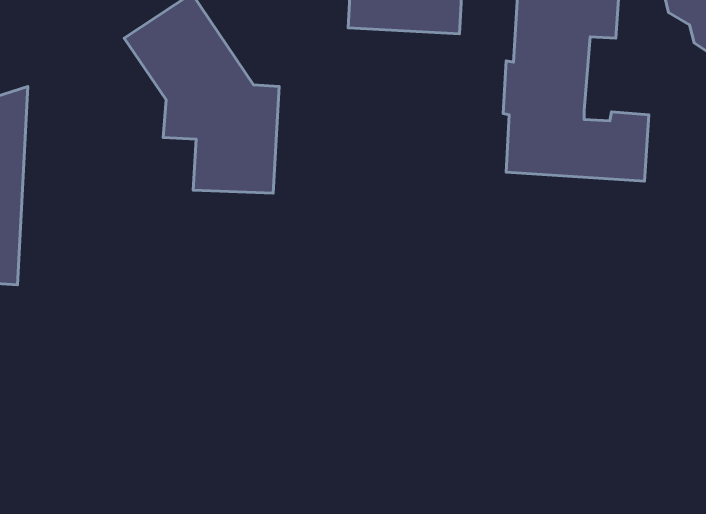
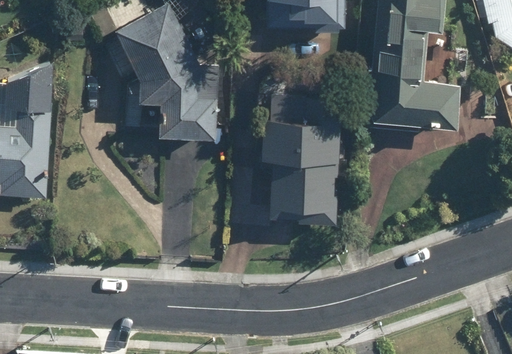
building: none -> [258,92,344,222]

